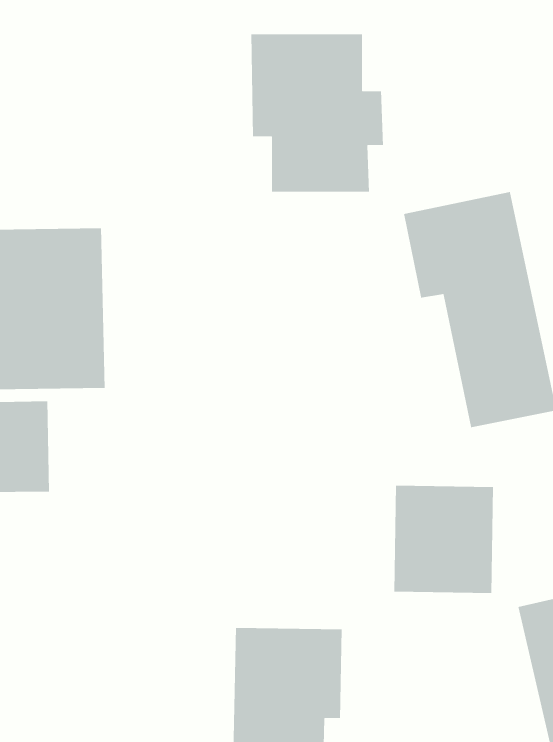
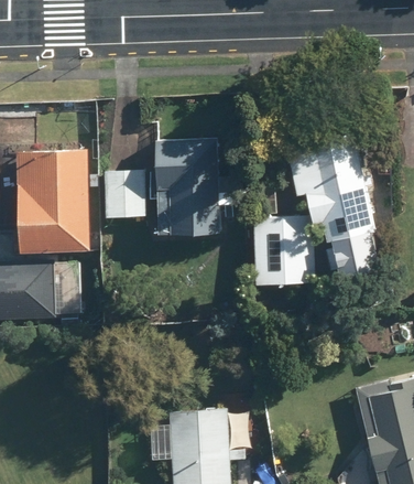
building: [250,33,384,193] -> [149,136,233,237]
building: none -> [103,172,144,224]
building: [394,485,494,594] -> [248,221,312,290]

